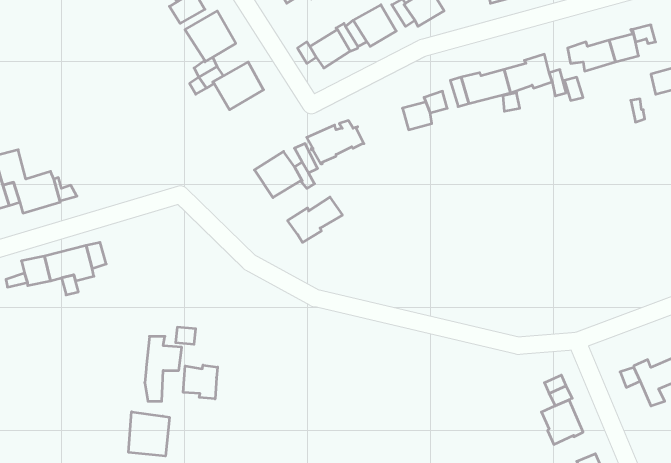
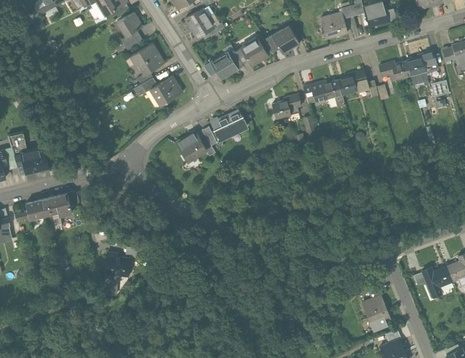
building: [288,197,342,242] -> none
building: [183,365,218,399] -> none
building: [129,412,169,456] -> none

